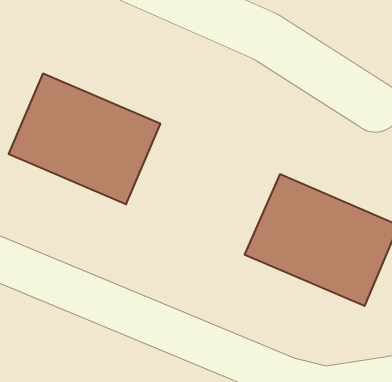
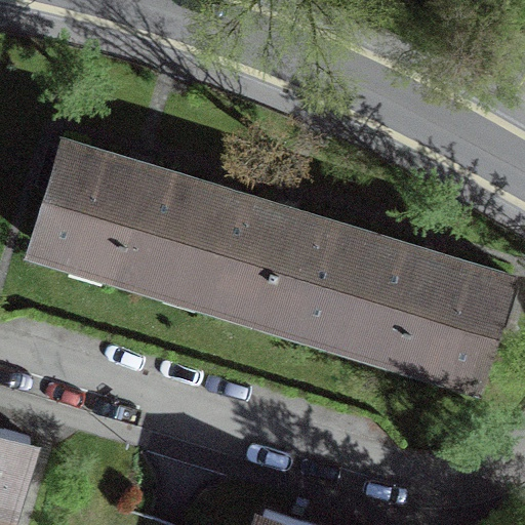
building: none -> [179,191,361,337]

